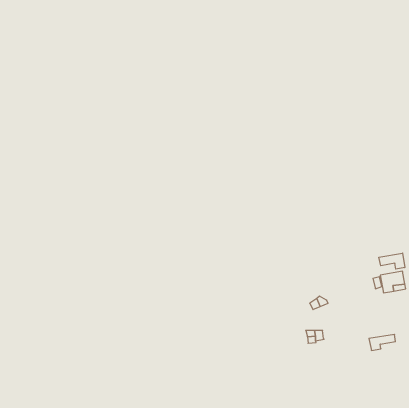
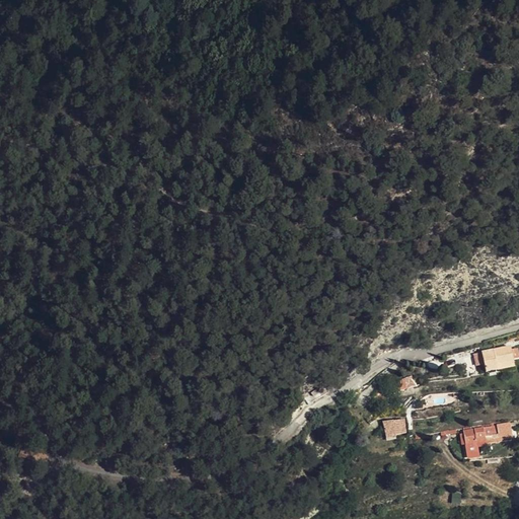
building: [379,253,405,269] -> none

